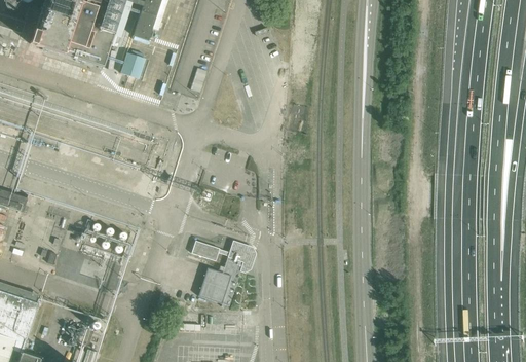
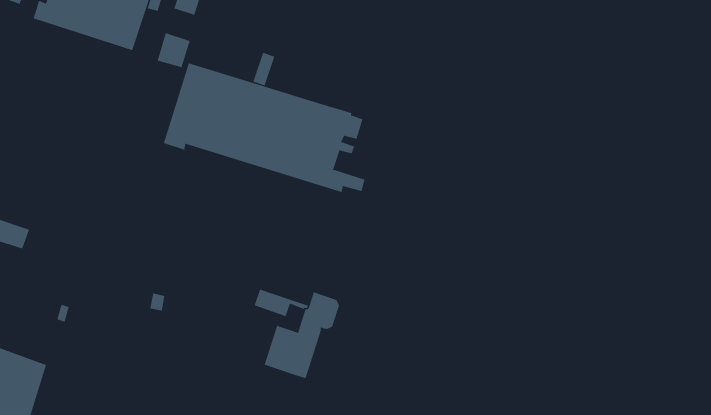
building: none -> [163,63,365,193]

